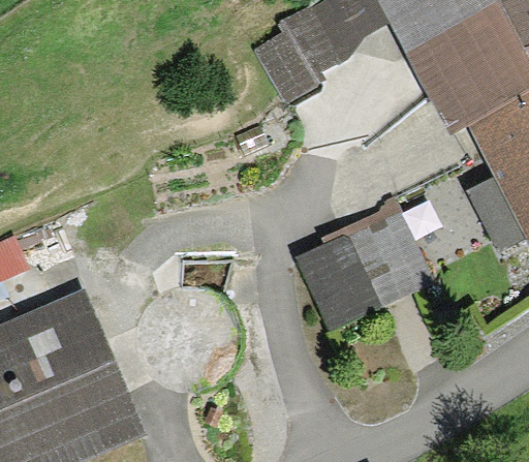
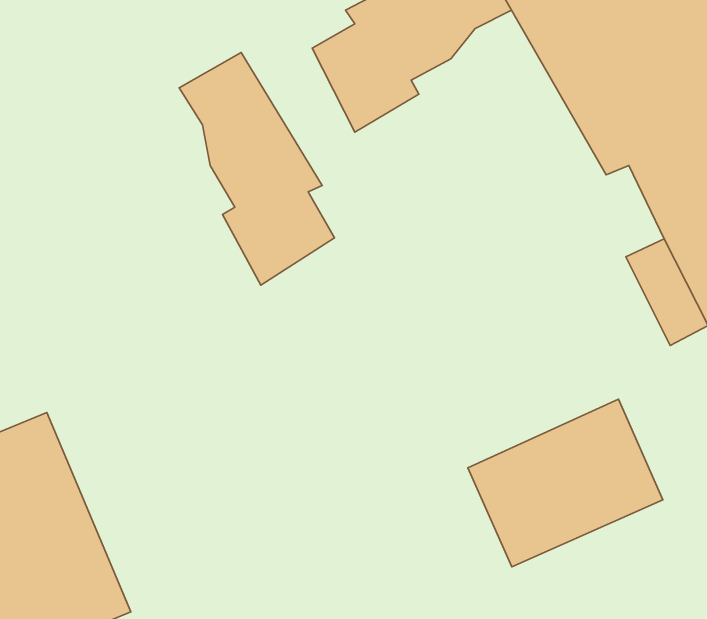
building: none -> [179,52,334,285]
building: [297,212,429,326] -> [468,399,663,567]

